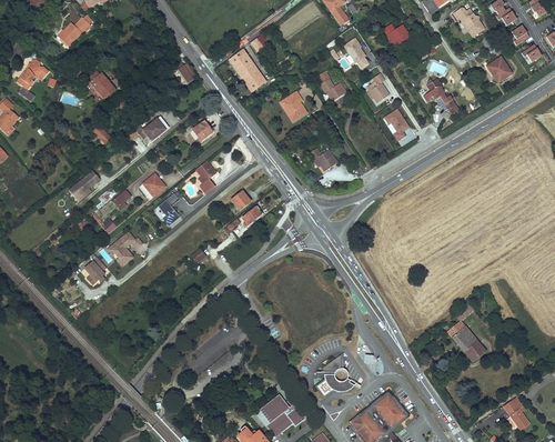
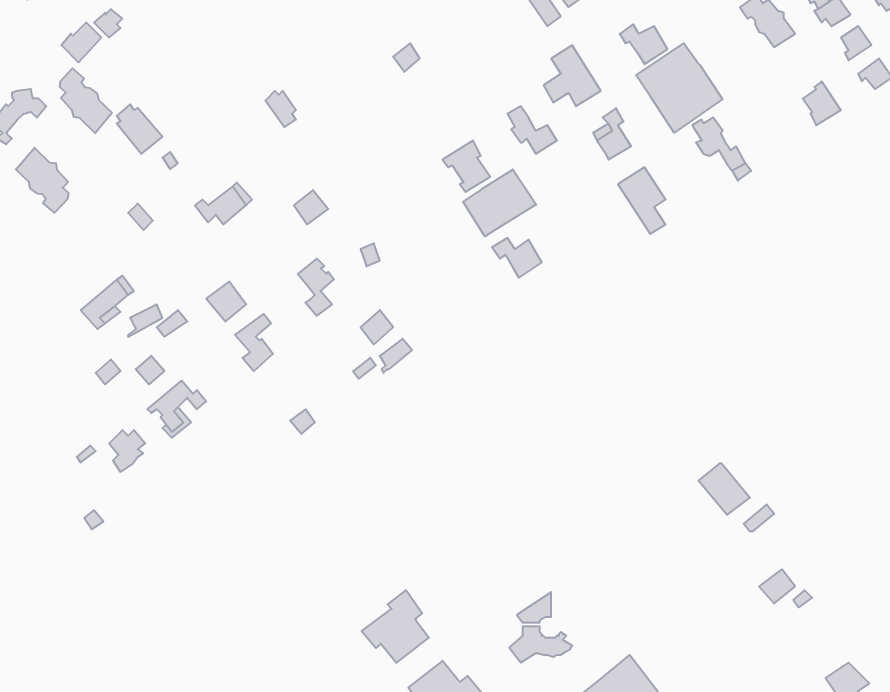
building: none -> [636,43,723,133]
building: [229,49,266,91] -> none
building: none -> [60,68,112,133]
building: none -> [16,148,68,213]
building: none -> [463,169,536,236]
building: [447,321,477,351] -> [699,463,750,515]
building: none -> [362,590,429,663]

